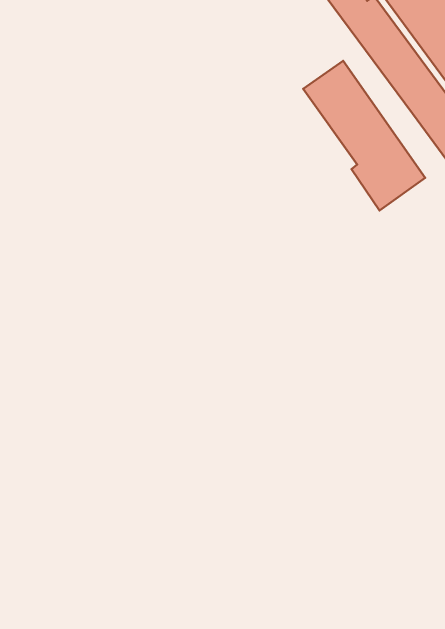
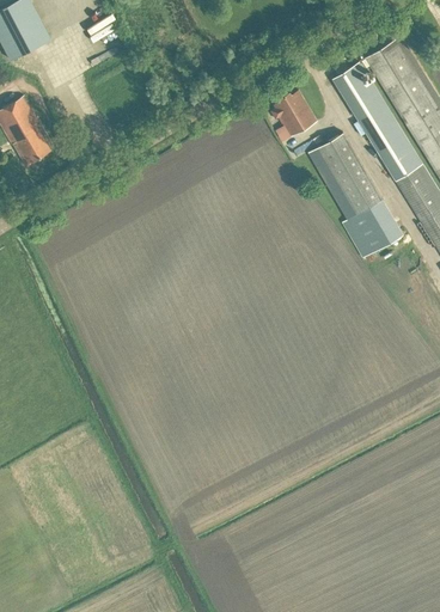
building: none -> [270,91,317,137]

